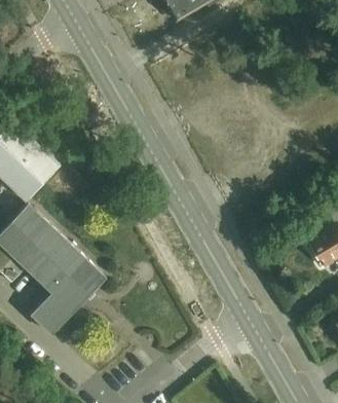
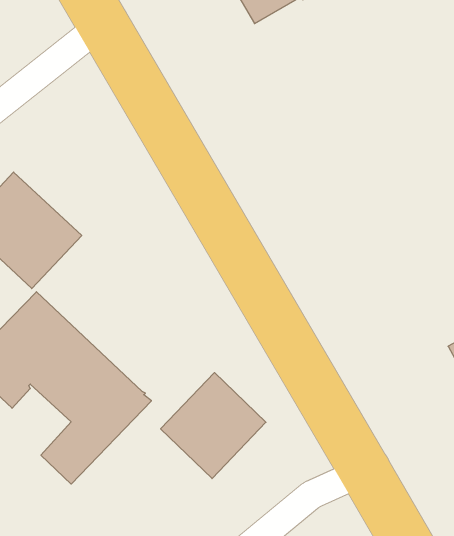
building: none -> [161,373,266,479]

